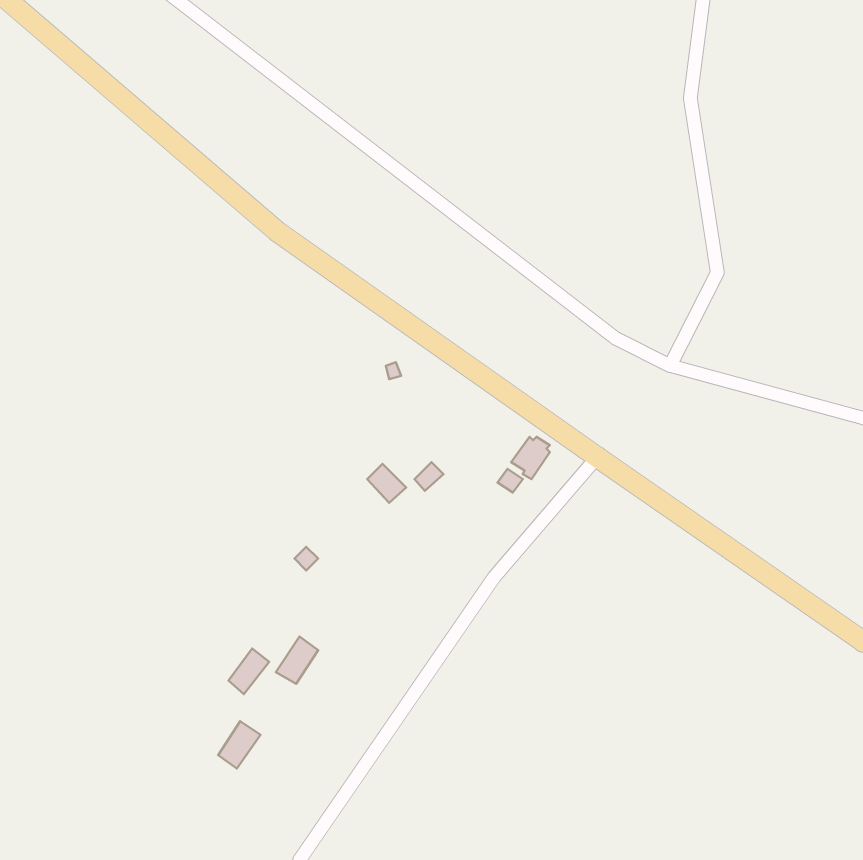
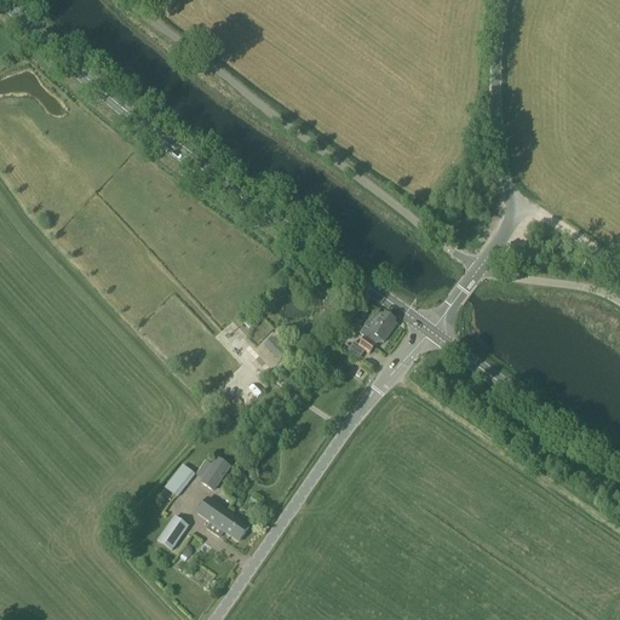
building: none -> [195,496,247,540]

